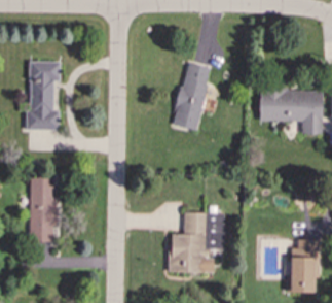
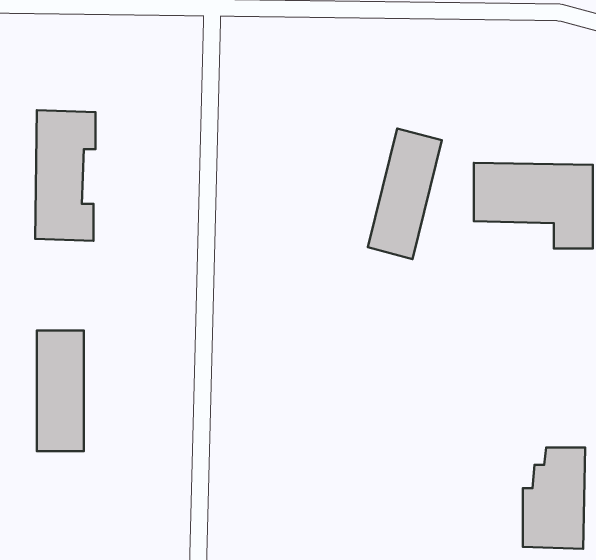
building: [173,61,212,130] -> [368,128,442,259]
building: [170,212,224,272] -> none

